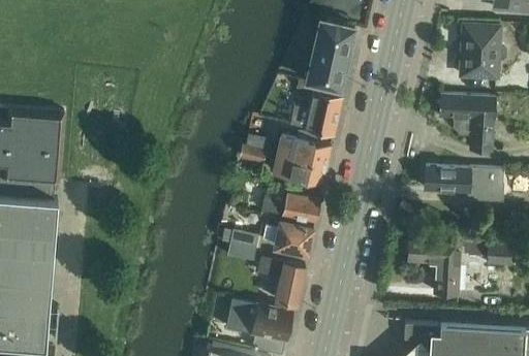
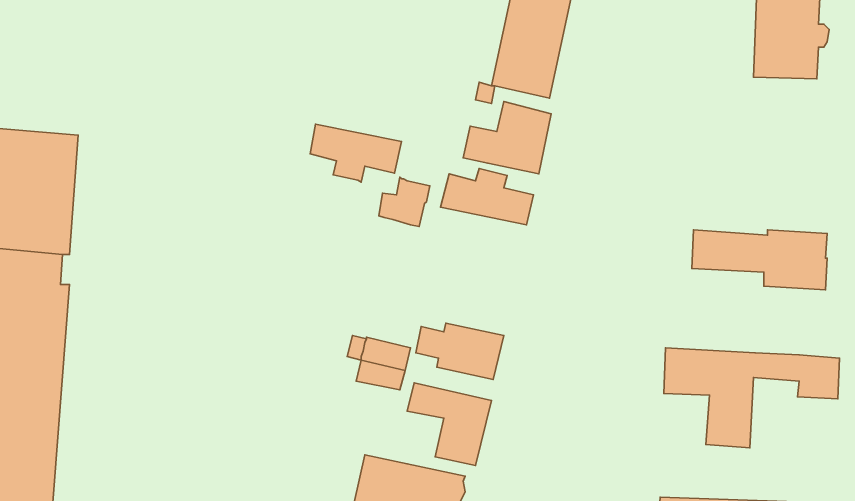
building: [437,94,495,152] -> none
building: [273,154,326,188] -> [310,124,402,182]
building: [261,193,318,223] -> none

